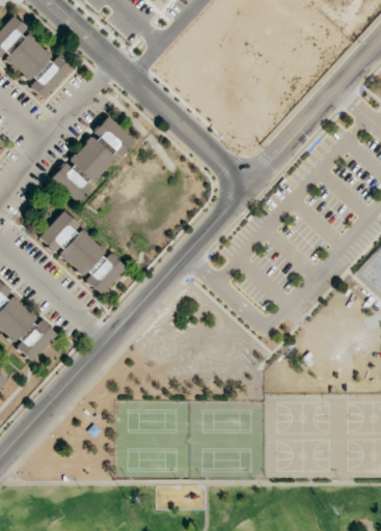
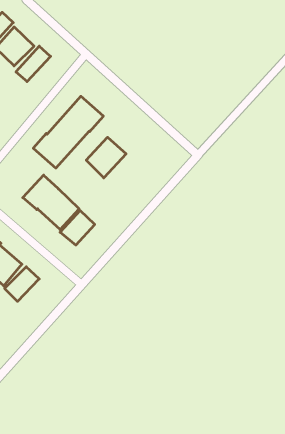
building: none -> [86,137,126,178]

